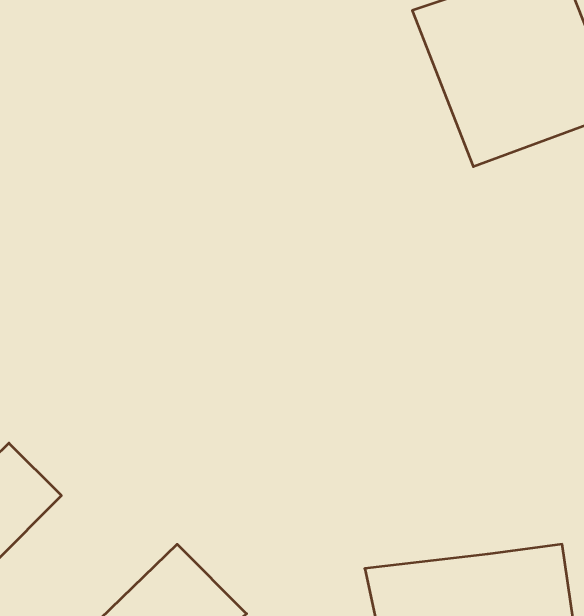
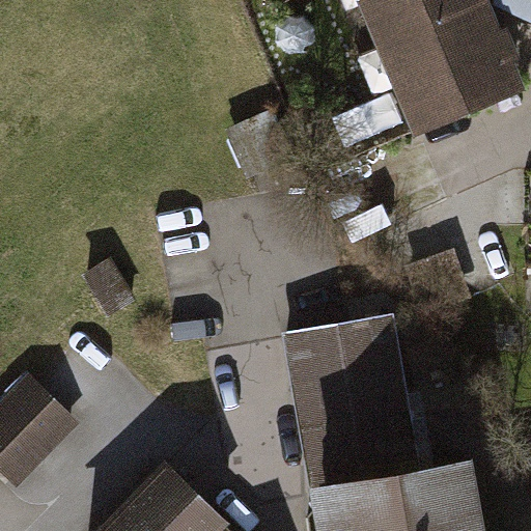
building: none -> [279,324,427,491]

